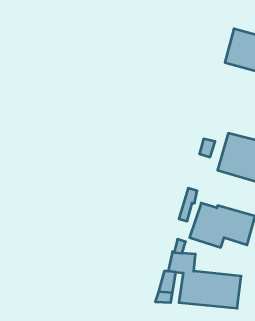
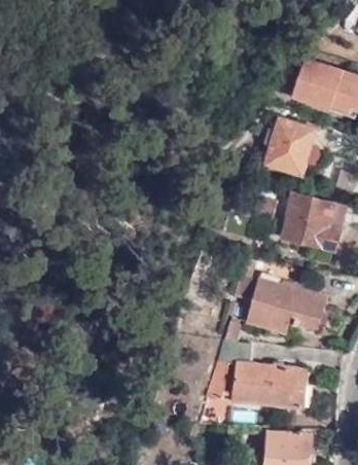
building: none -> [262,114,320,172]

